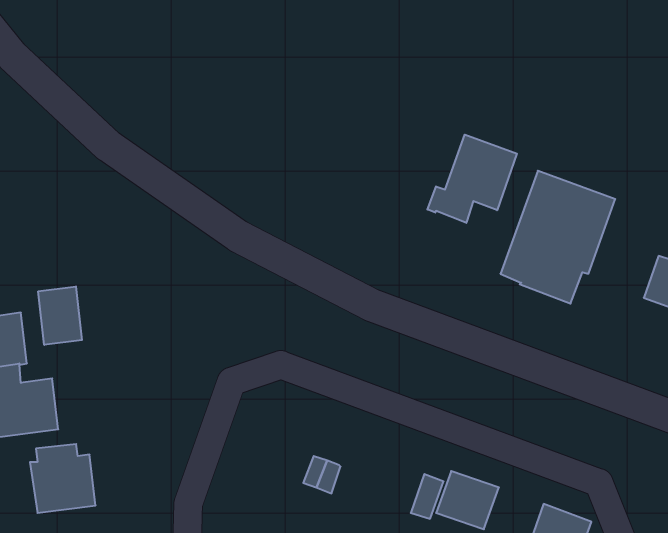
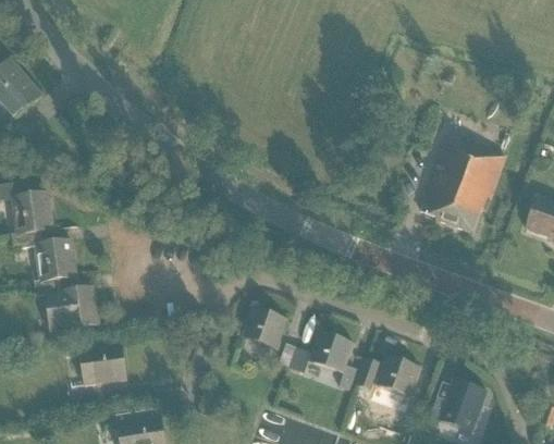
building: [427,135,517,223] -> none
building: [38,286,82,345] -> none
building: none -> [242,306,287,348]
building: none -> [308,330,356,388]

